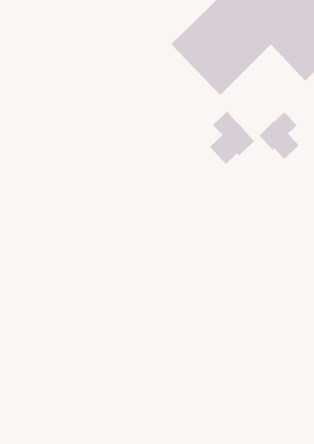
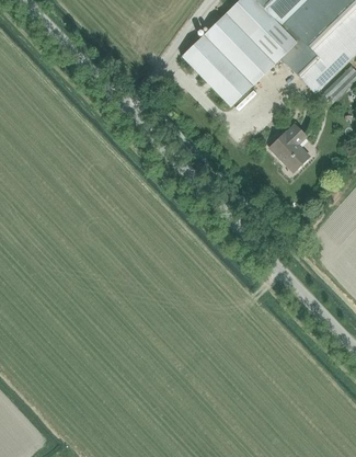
building: [209,111,255,165] -> none

